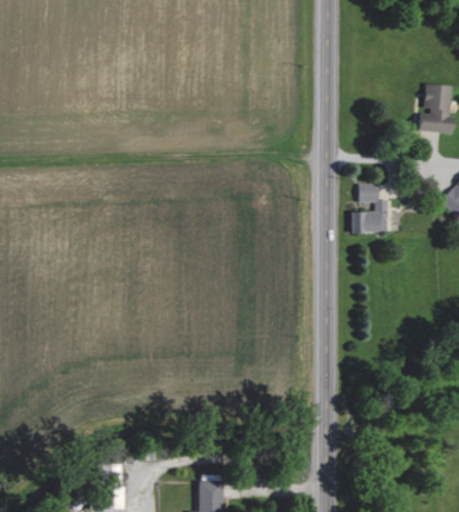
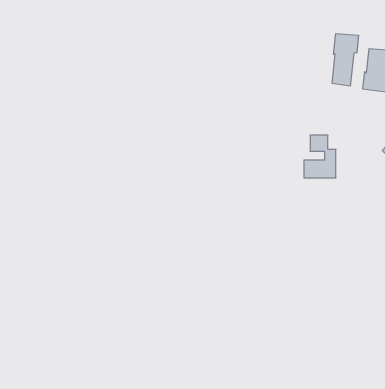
building: none -> [332,34,358,86]

